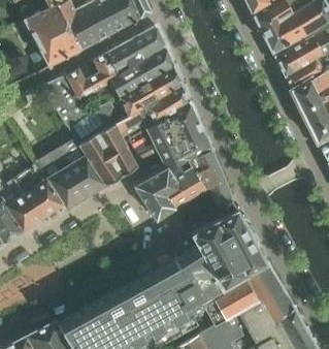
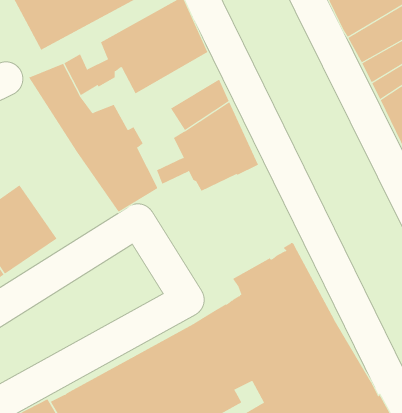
building: [119,67,182,134] -> none
building: [34,140,107,210] -> none
building: [128,150,232,221] -> none

